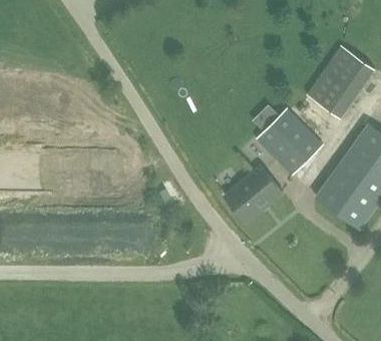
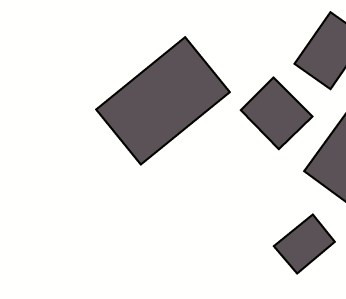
building: none -> [96,37,230,165]
building: [225,167,283,224] -> [274,214,335,273]

